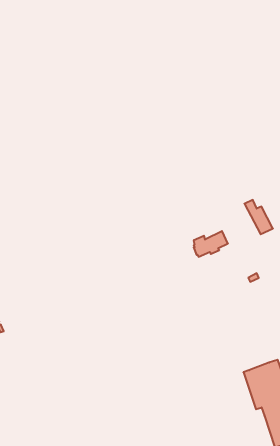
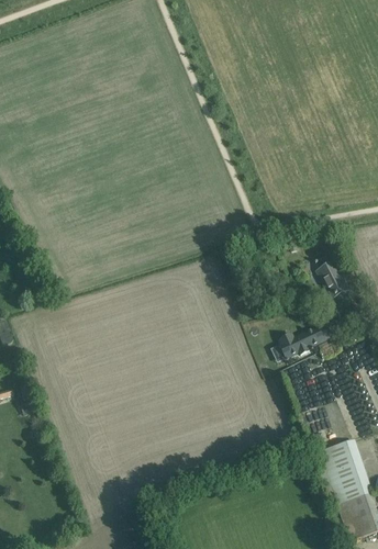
building: [194,231,228,257] -> [278,328,318,358]

